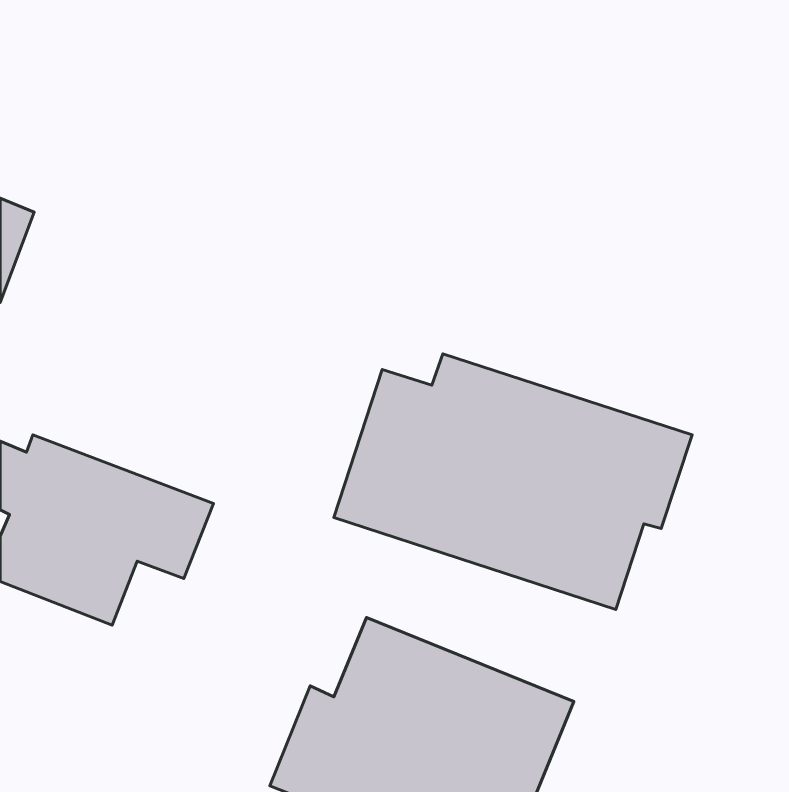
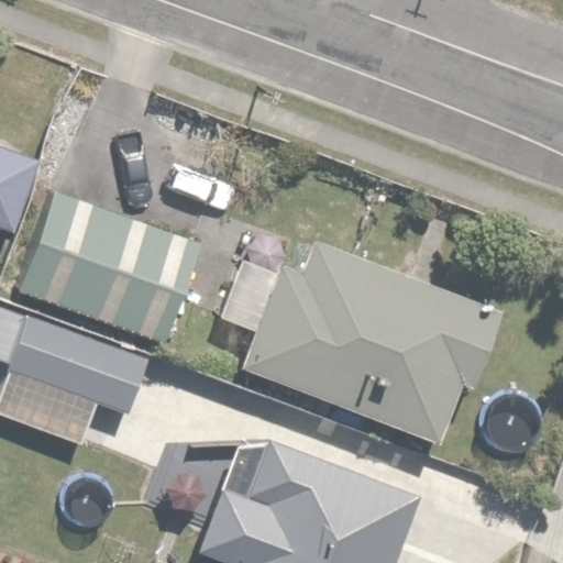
building: none -> [19,188,188,343]

